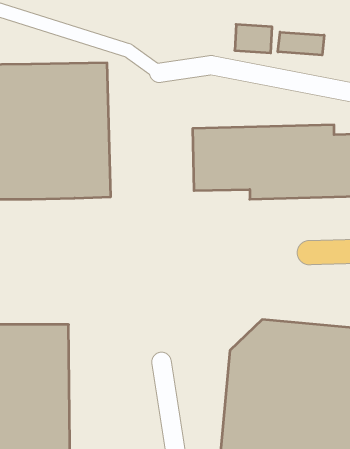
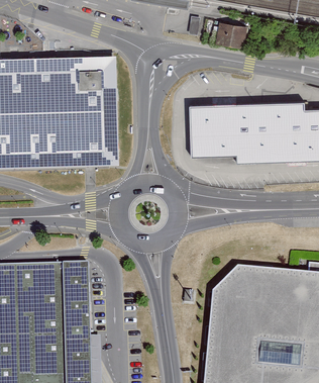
building: [278,32,324,55] -> none

